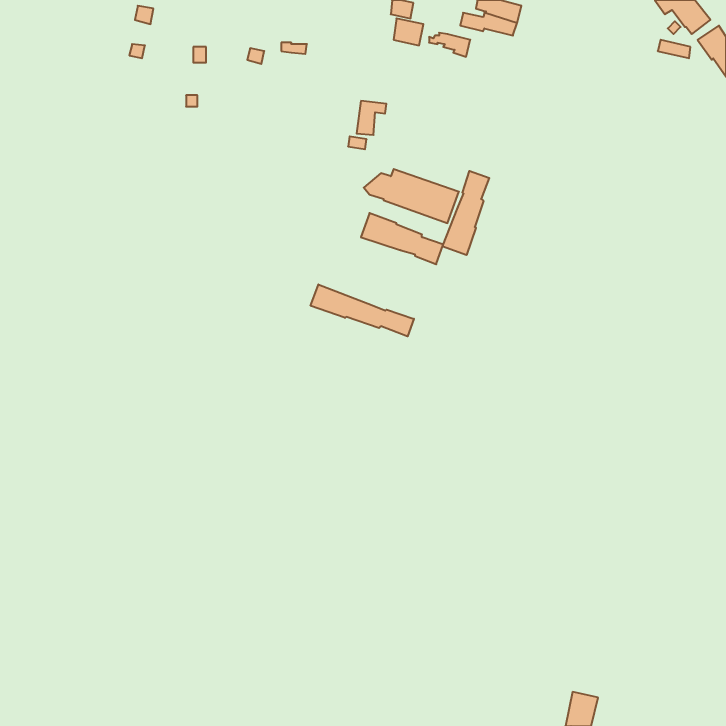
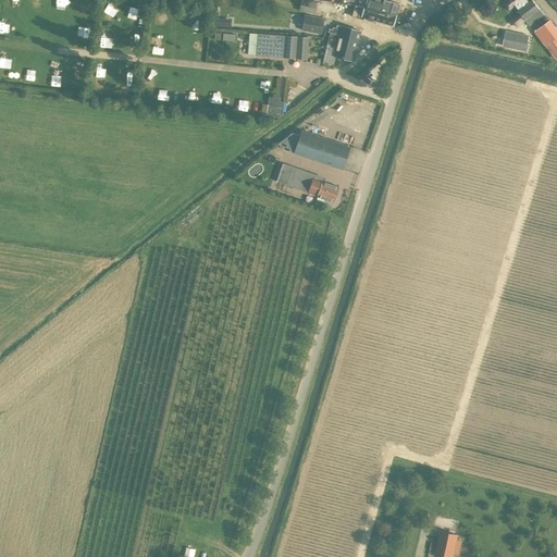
building: none -> [257,34,309,60]
building: none -> [323,36,357,65]
building: [443,171,489,255] -> none
building: [311,284,414,336] -> none

